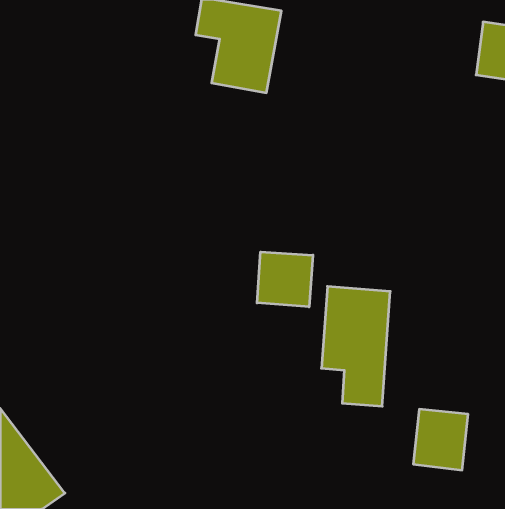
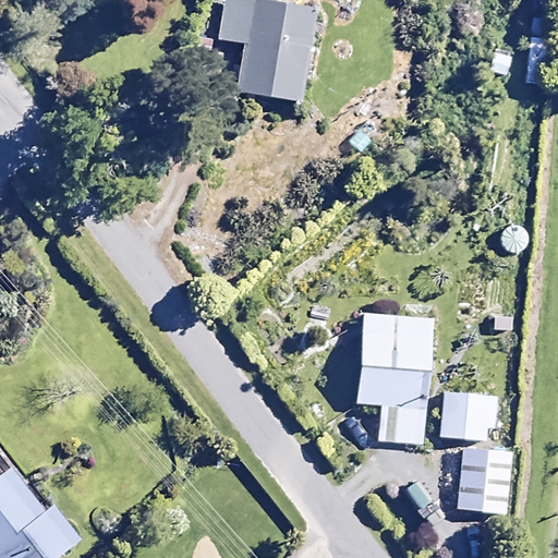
building: [257,252,313,307] -> none
building: none -> [439,390,498,441]

